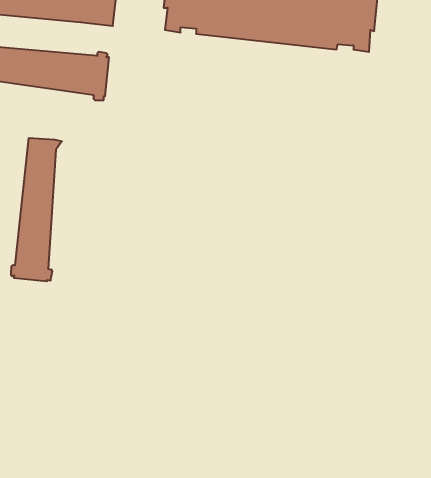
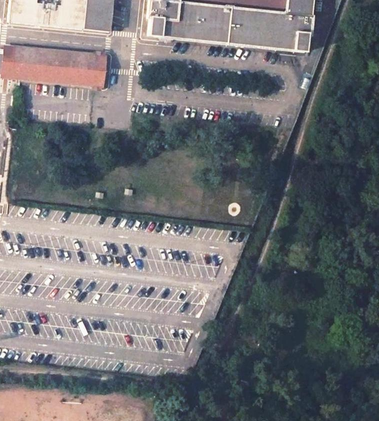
building: [11,138,62,281] -> none

